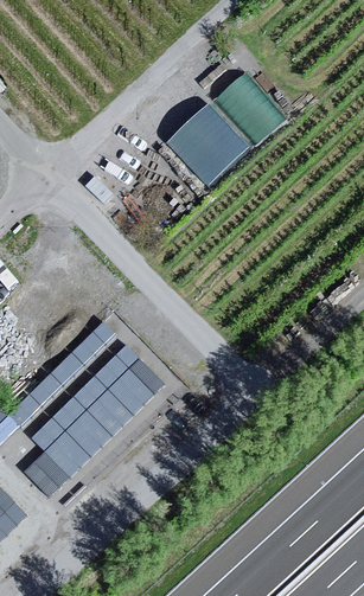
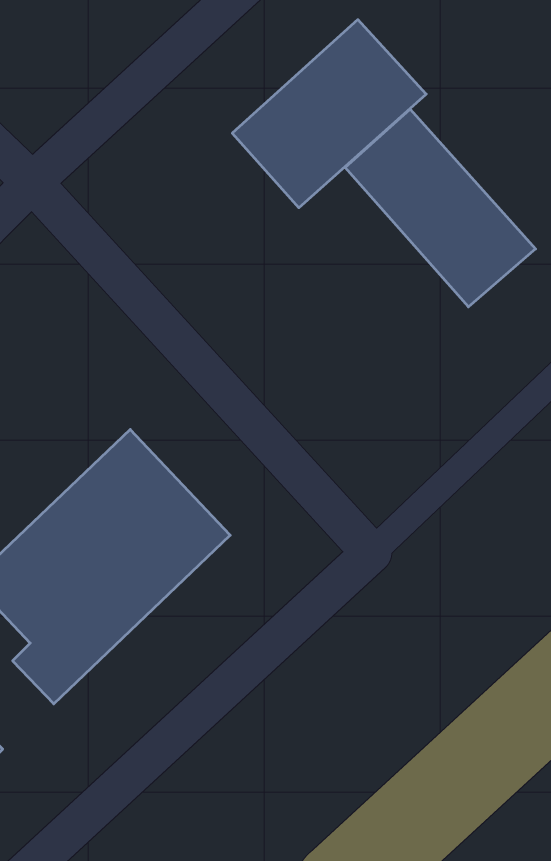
building: none -> [345,109,536,307]

